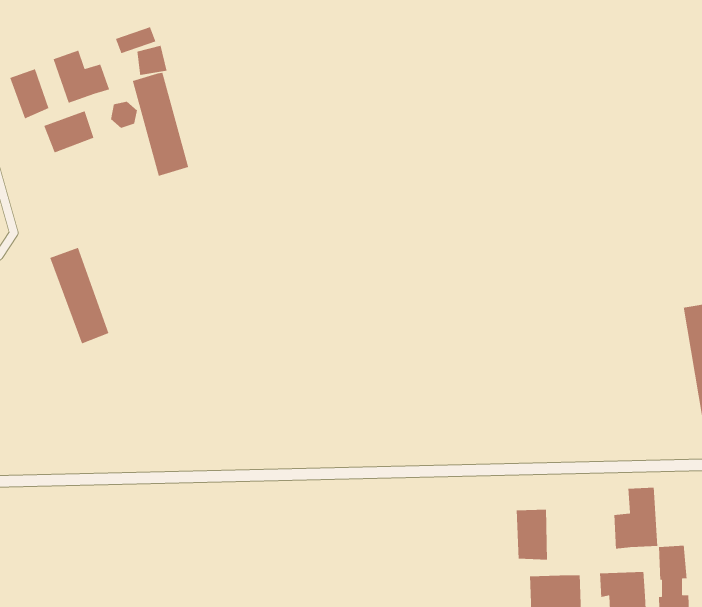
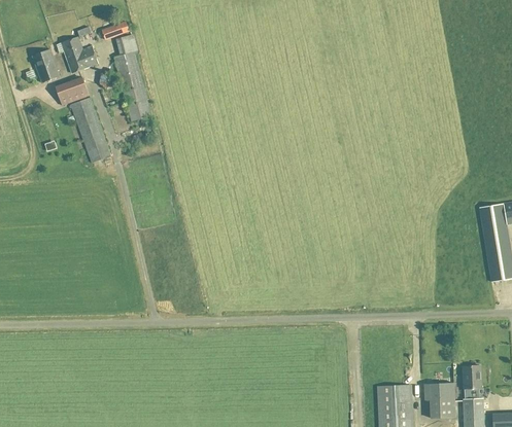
building: [49,247,110,345] -> [70,97,110,162]
building: [613,487,658,550] -> none
building: [516,509,548,561] -> none

